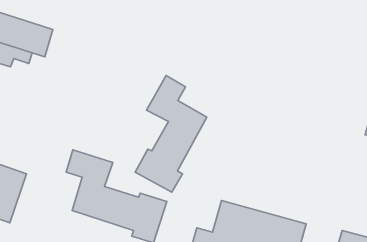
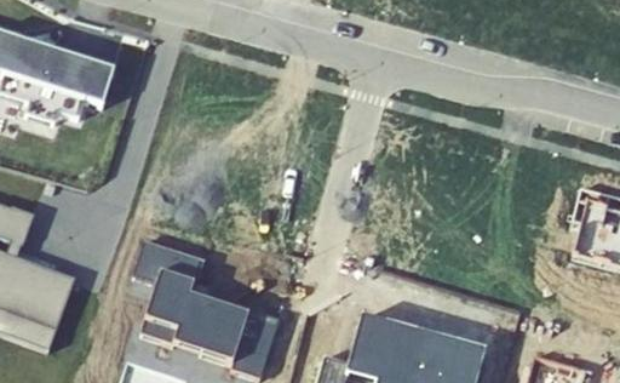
building: [135,75,207,192] -> none

